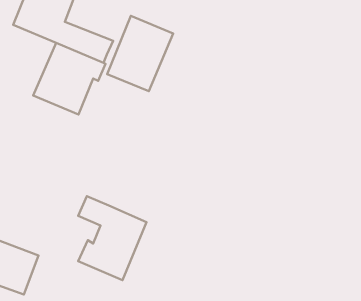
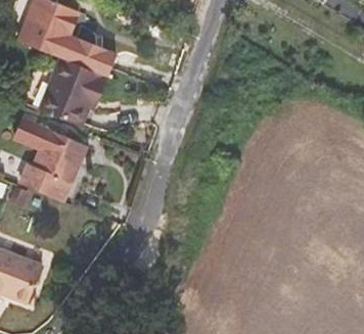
building: [107,16,173,91] -> none
building: [78,196,147,280] -> [19,120,86,201]

